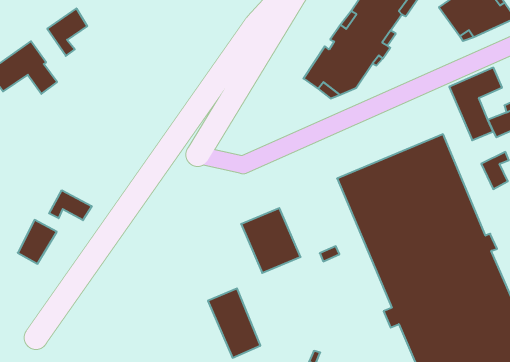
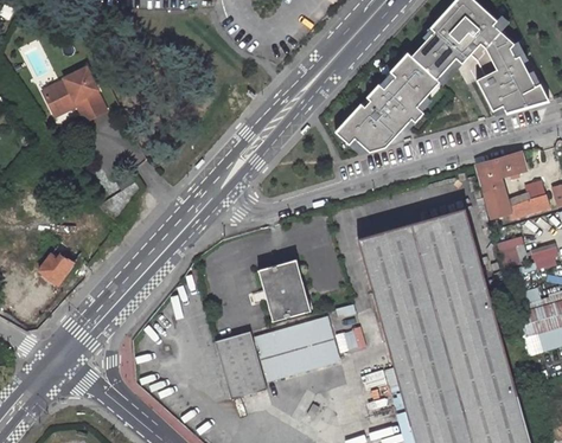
building: [47,8,87,56] -> none
building: [49,190,92,220] -> none
building: none -> [247,312,341,389]

